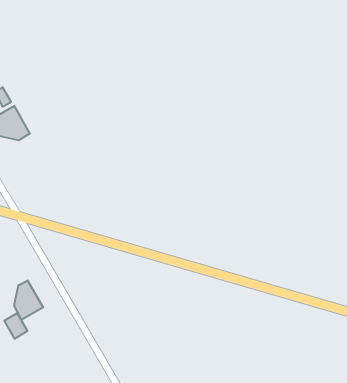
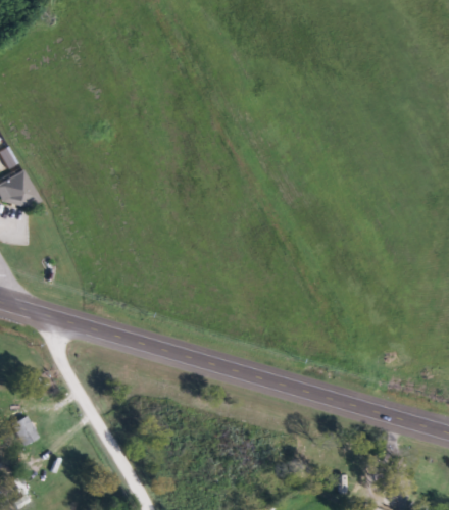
building: [14,280,43,320] -> none

